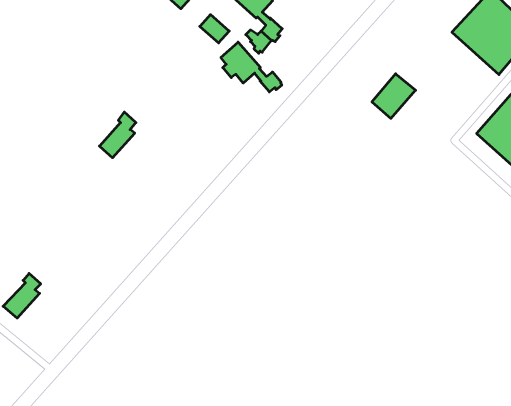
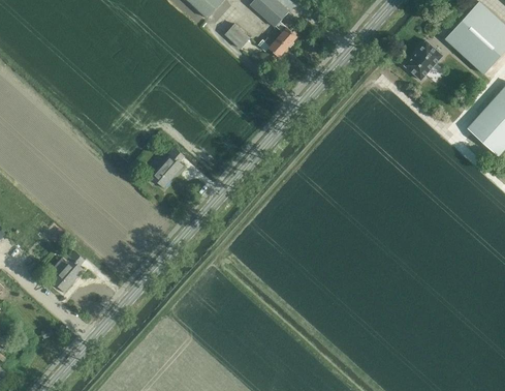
building: [221,42,282,92] -> none
building: [372,74,416,118] -> [404,40,442,80]
building: [99,112,136,158] -> [152,147,184,187]

